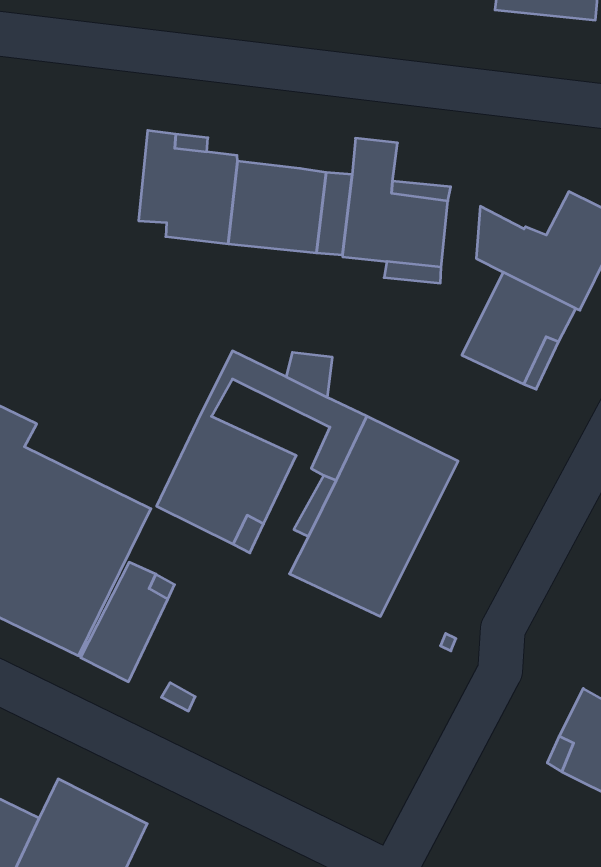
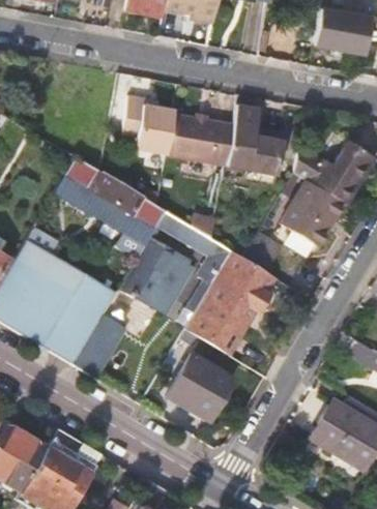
building: none -> [57,159,165,243]
building: none -> [167,355,234,421]

